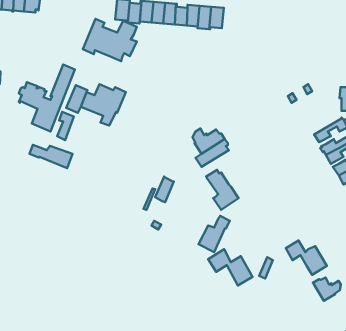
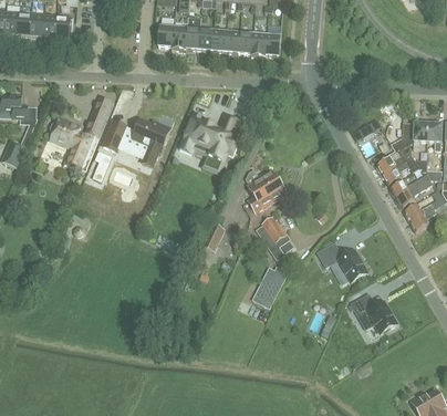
building: [83,19,137,61] -> [178,112,239,159]
building: none -> [376,133,413,174]
building: [29,145,73,168] -> none
building: [208,249,252,286] -> [316,240,366,281]
building: [313,277,341,301] -> none

